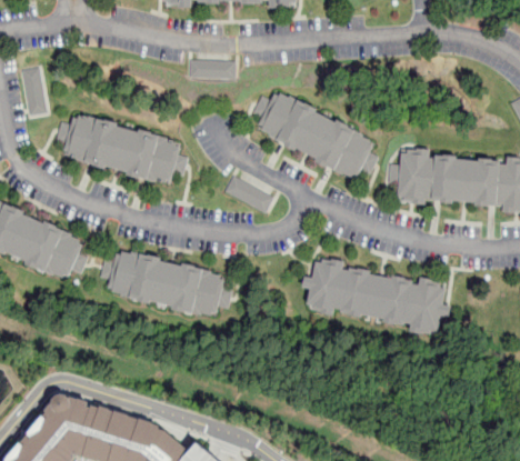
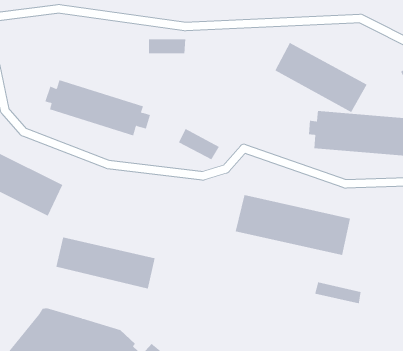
building: [22,68,46,114] -> none
building: [256,91,372,180] -> [274,42,367,113]
building: [104,251,230,317] -> [55,237,155,289]
building: none -> [314,282,361,304]

